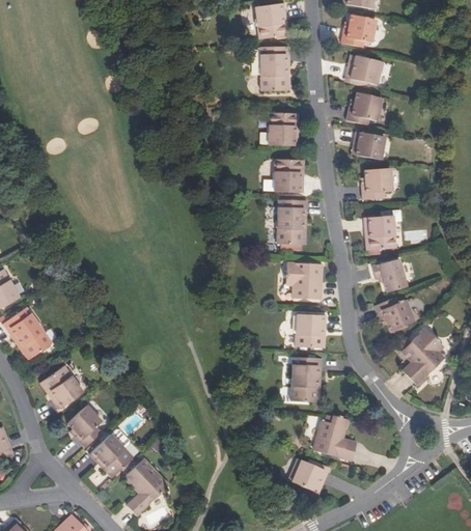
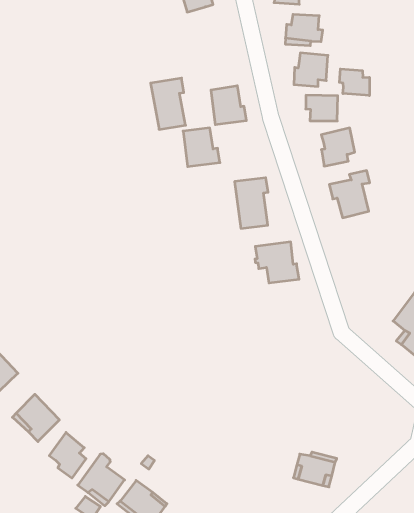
building: [260,47,289,90] -> [151,78,186,129]
building: none -> [339,69,369,96]
building: [274,159,304,193] -> [183,128,220,167]
building: [373,257,408,291] -> none
building: [376,296,415,331] -> none
building: [296,313,327,347] -> none
building: [290,357,322,401] -> none
building: [314,420,355,458] -> none

